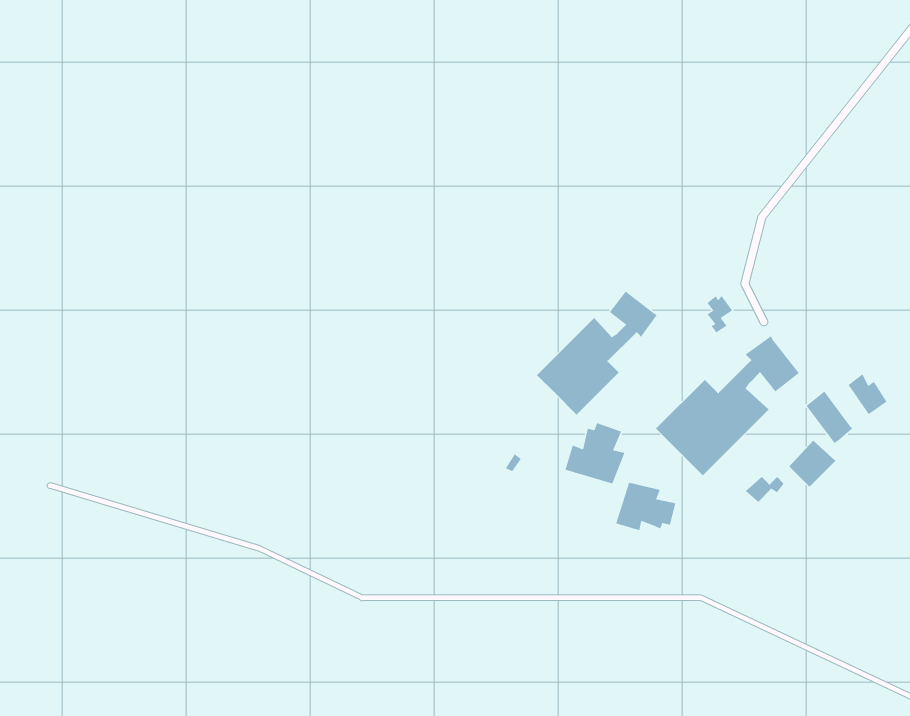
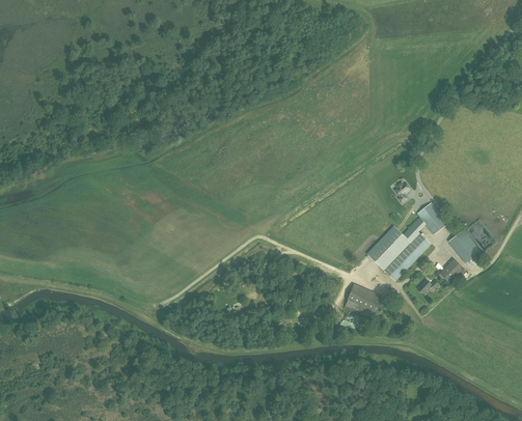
building: [536,291,658,415] -> none
building: [564,422,626,485] -> none

